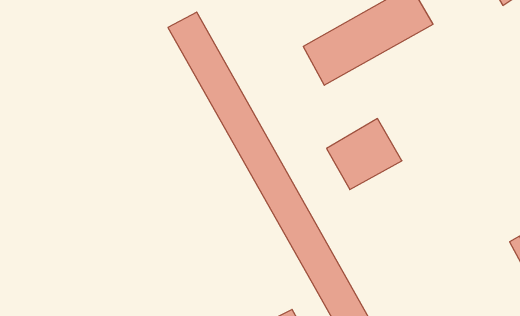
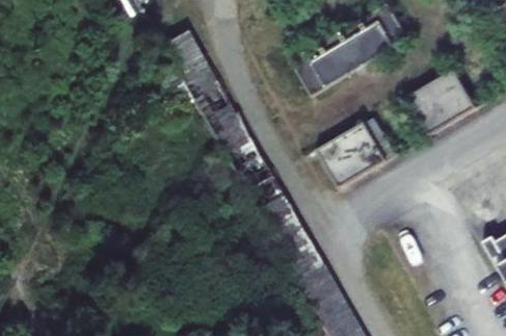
building: none -> [403,76,472,141]

